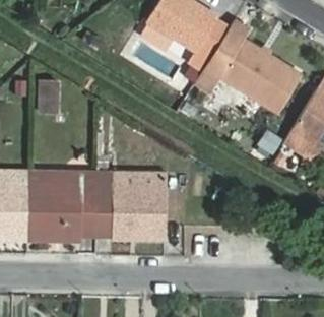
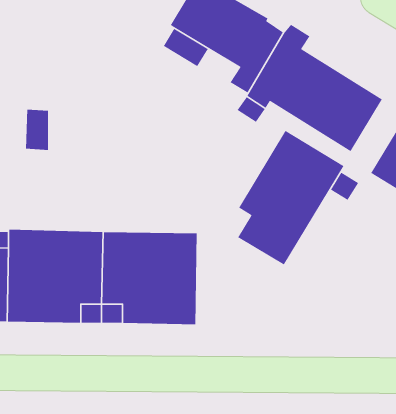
building: none -> [237,130,344,266]

